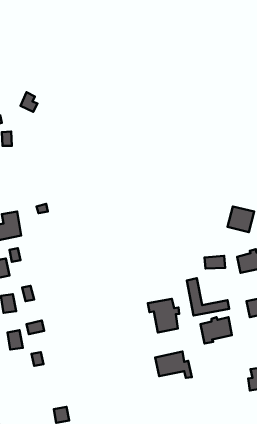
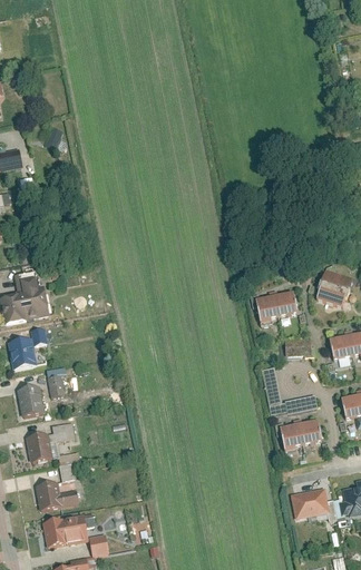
building: none -> [256,293,296,324]
building: [148,299,179,332] -> none
building: [155,352,192,378] -> [291,485,339,520]
building: none -> [37,481,76,513]
building: none -> [45,519,81,544]

